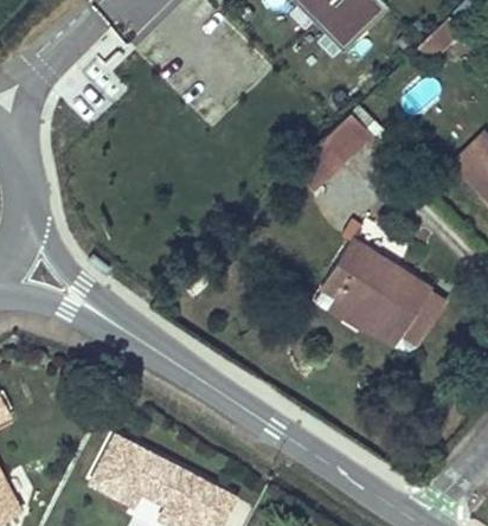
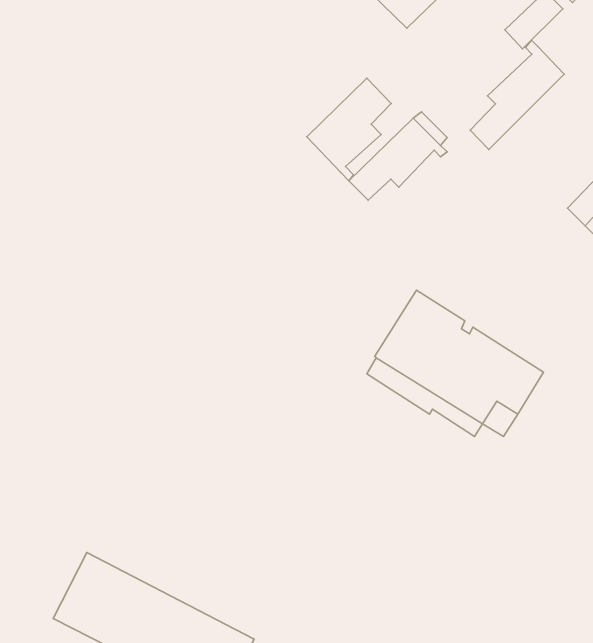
building: none -> [470,40,564,150]
building: none -> [307,78,391,181]

